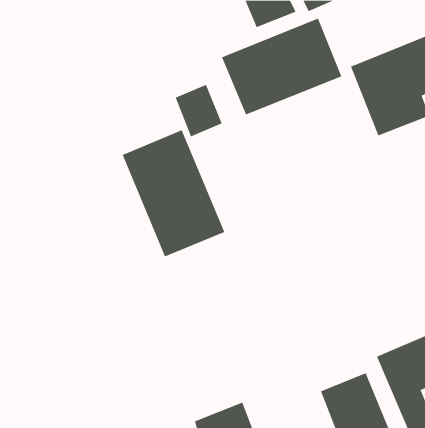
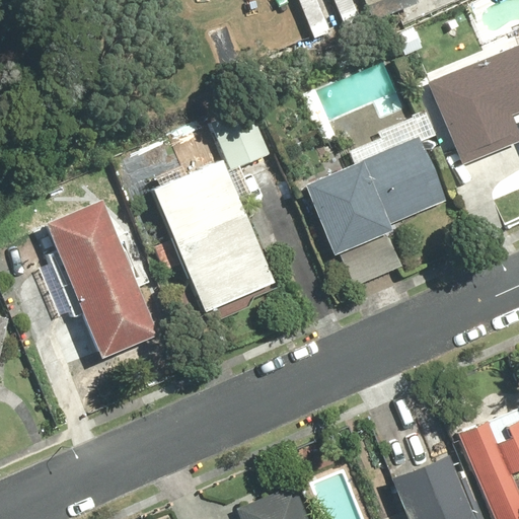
building: [221,18,342,115] -> [302,137,448,254]
building: none -> [45,198,161,359]

